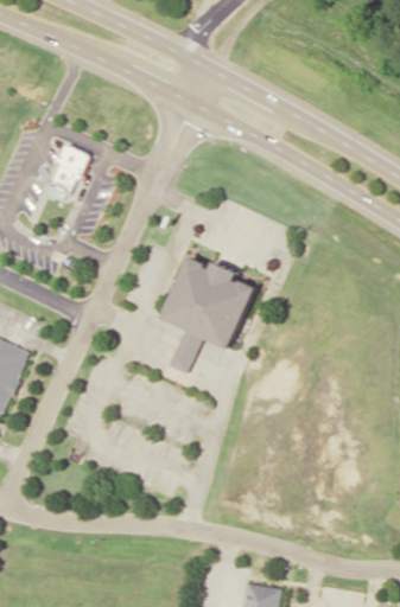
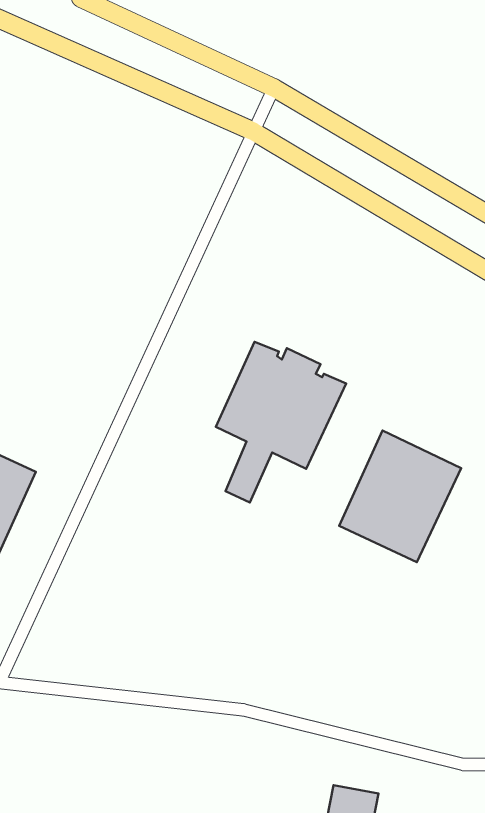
building: [49,146,89,194] -> none
building: none -> [339,431,461,562]

